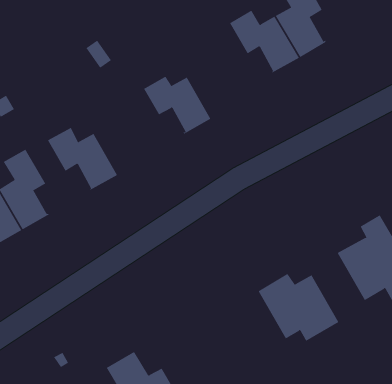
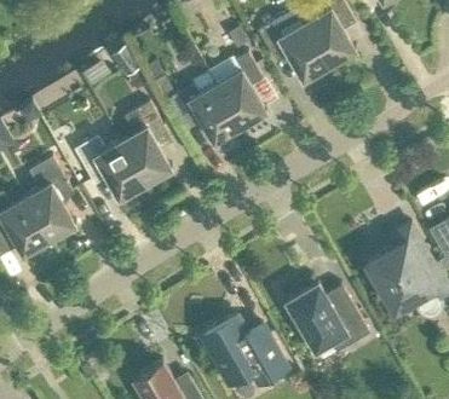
building: none -> [215,53,267,127]
building: none -> [121,102,173,184]
building: none -> [201,314,287,383]

